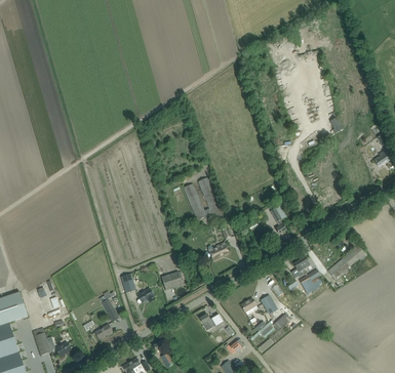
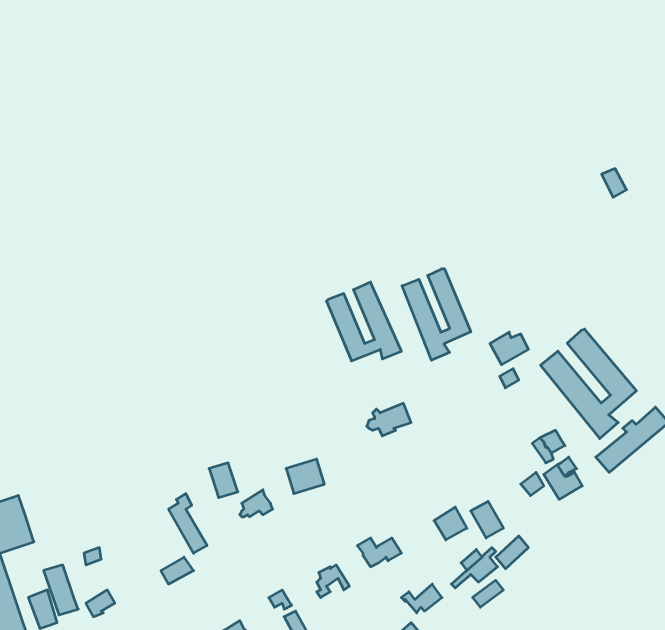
building: none -> [402,269,471,360]
building: none -> [541,329,636,439]

